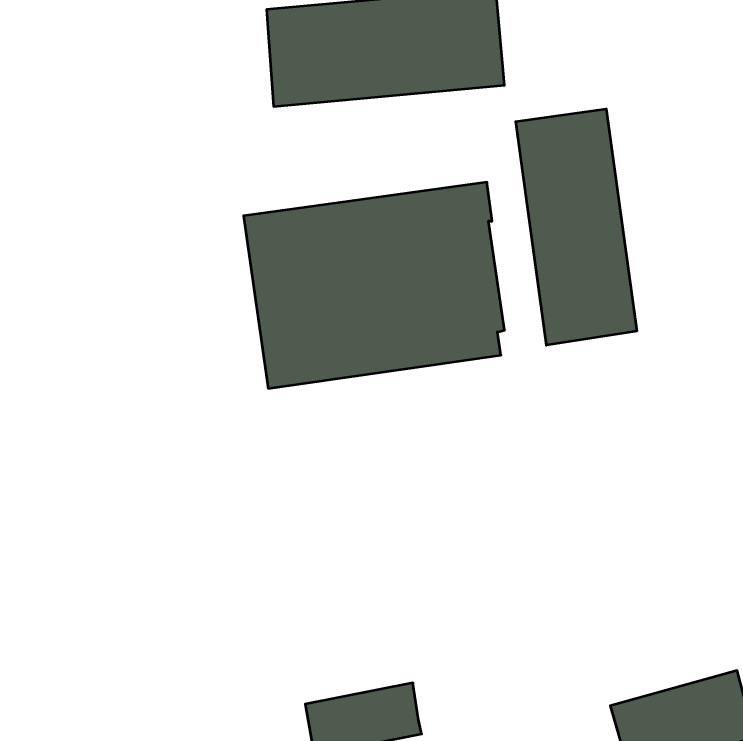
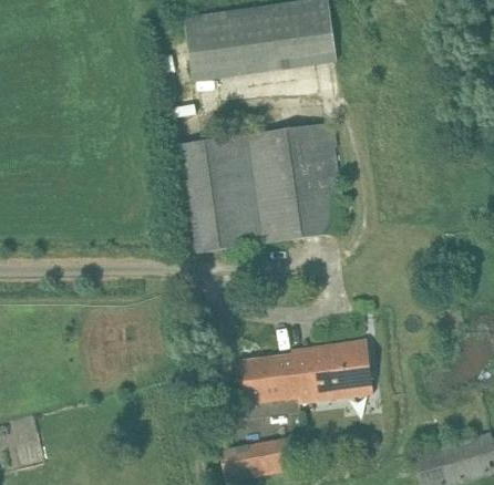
building: [516,109,637,345] -> none
building: none -> [236,340,370,403]

